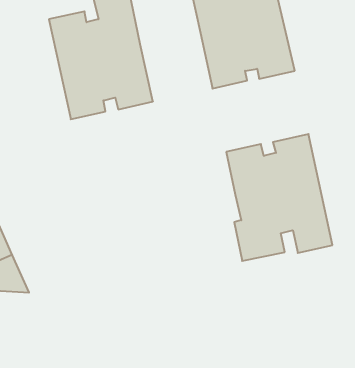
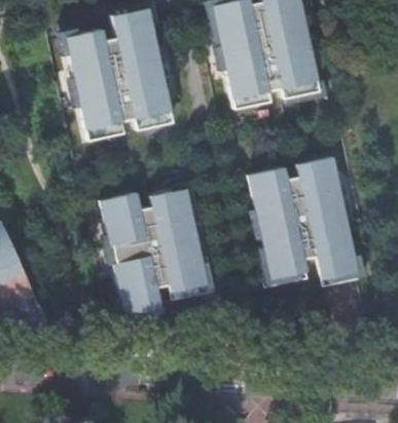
building: none -> [101,189,217,314]

